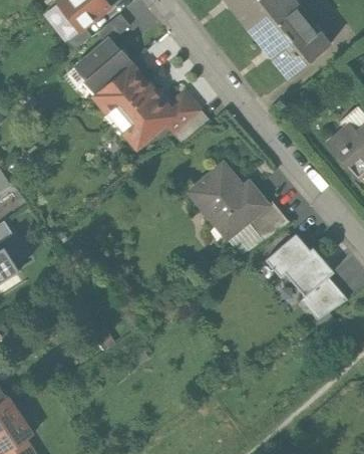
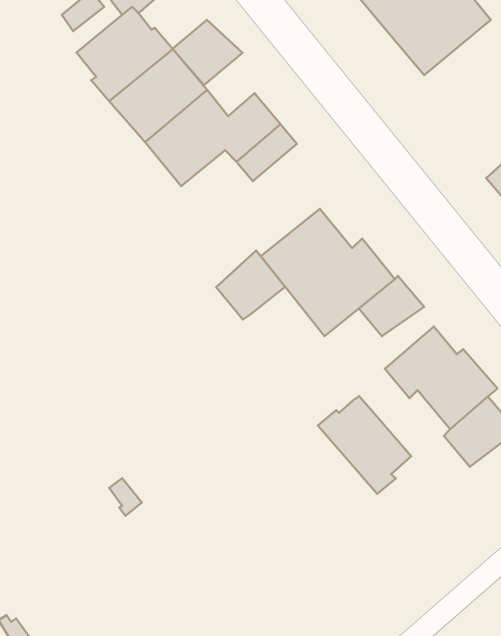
building: none -> [173,20,242,85]
building: none -> [216,251,285,320]
building: none -> [318,396,411,494]

